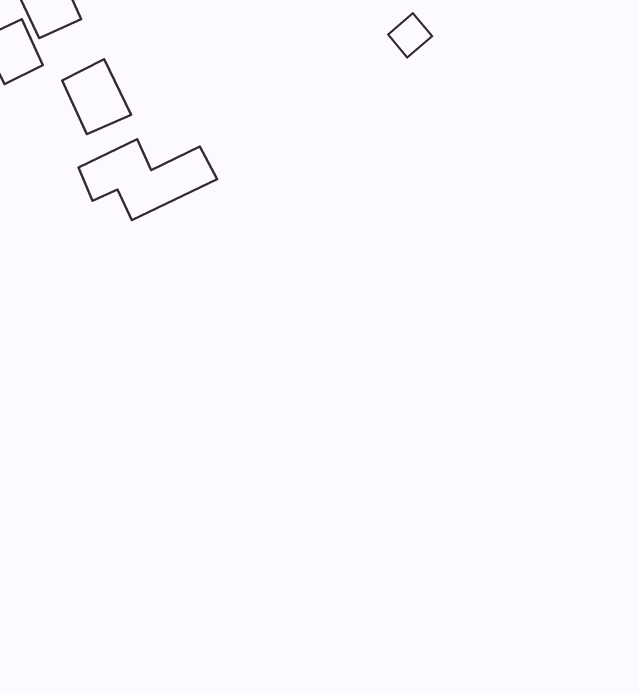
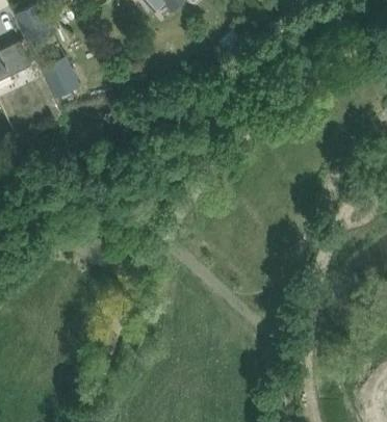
building: [78,139,217,220] -> none

